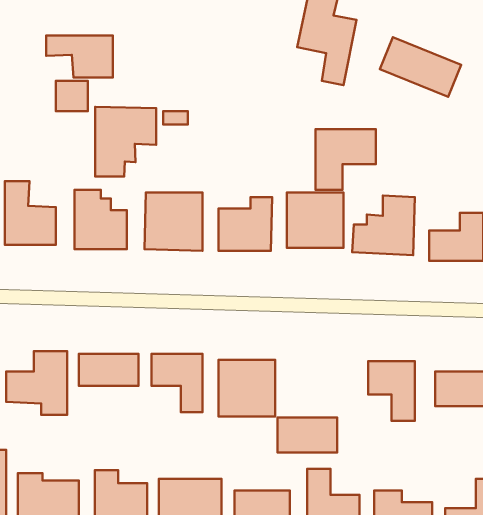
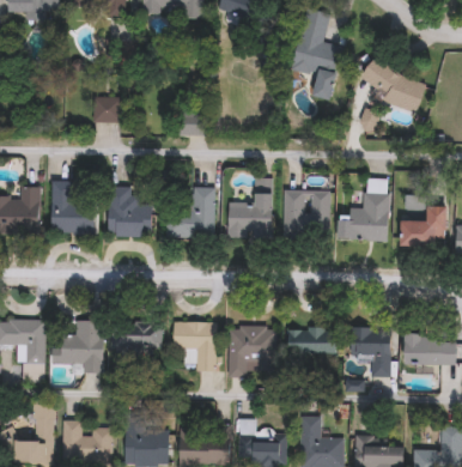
building: [46,36,113,77] -> none
building: [95,107,156,177] -> none
building: [316,129,376,190] -> none
building: [278,418,337,453] -> [287,327,336,356]

